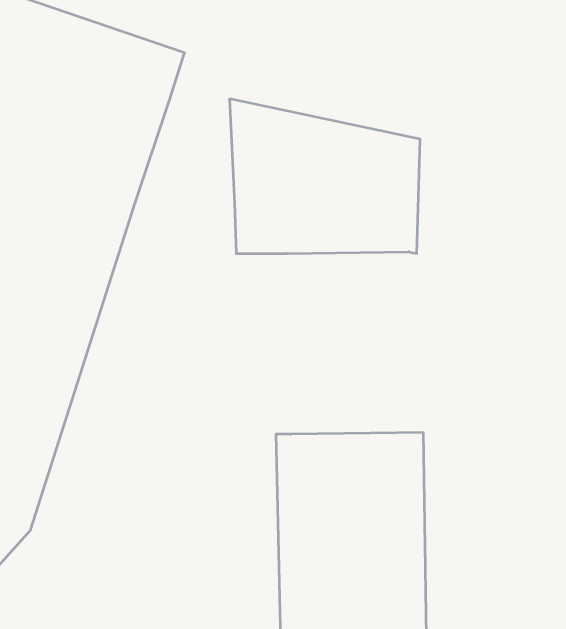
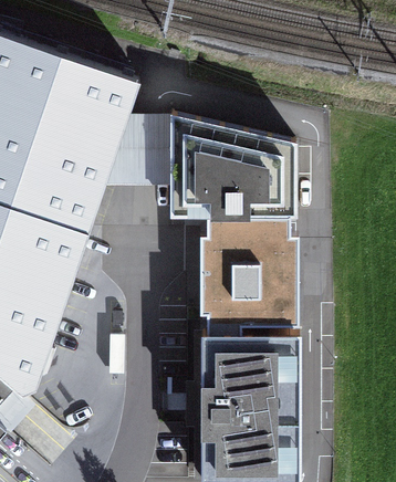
building: none -> [104,115,170,185]
building: none -> [199,217,296,338]

